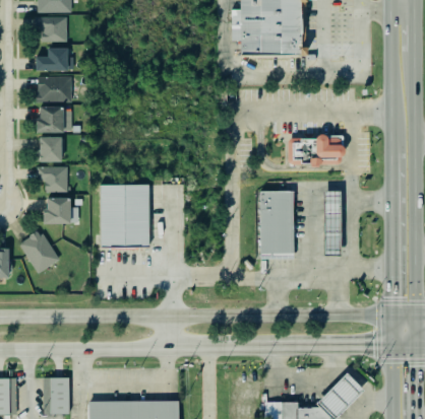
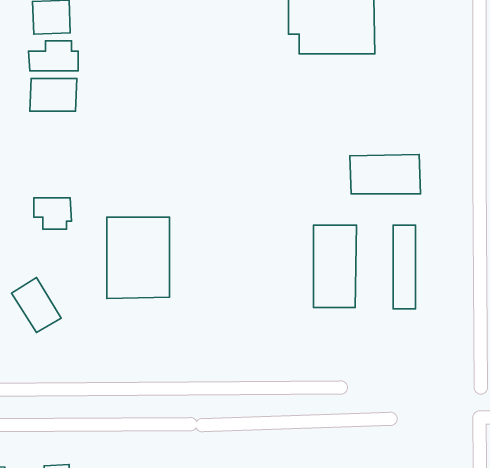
building: [37,107,73,132] -> none
building: [40,136,62,161] -> none
building: [43,196,69,221] -> none

